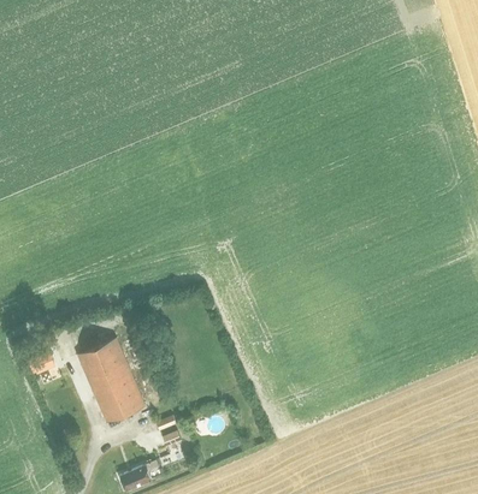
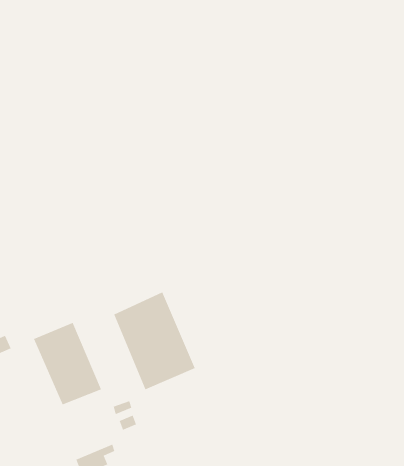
building: none -> [113,292,195,390]

